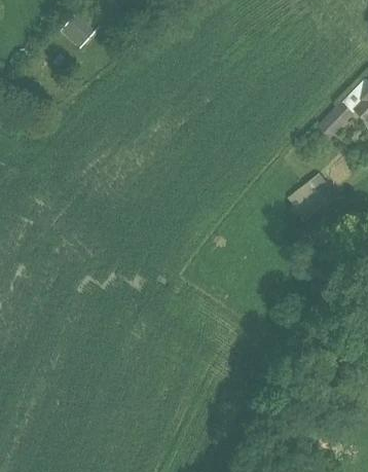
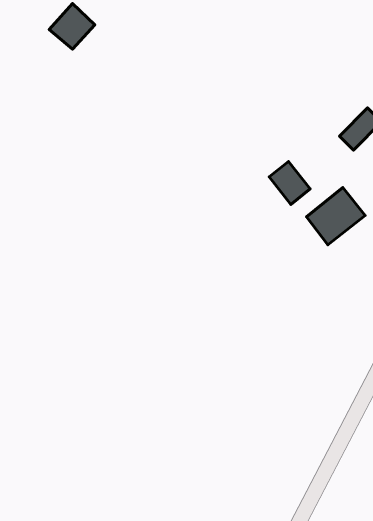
building: none -> [269,161,310,204]

